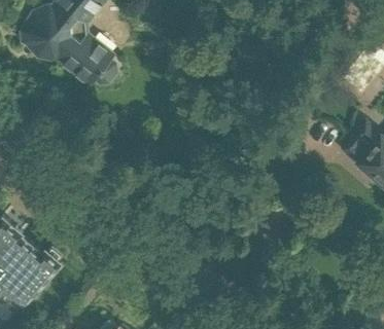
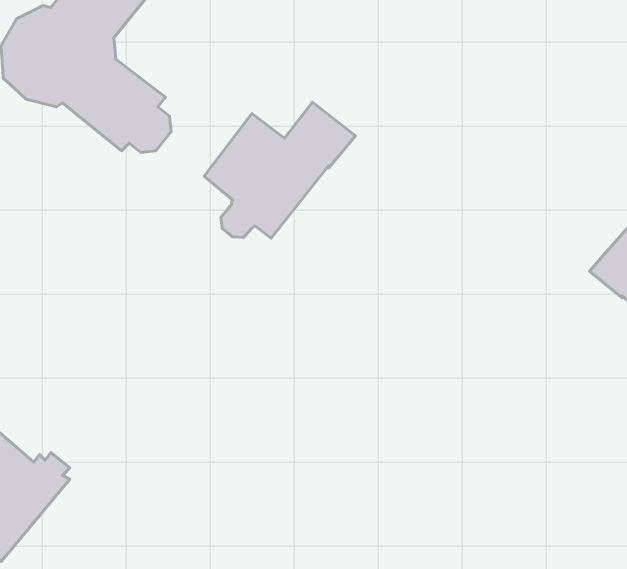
building: none -> [204,102,355,238]

